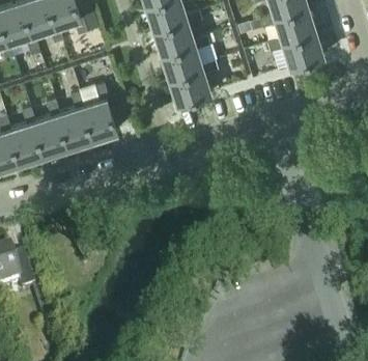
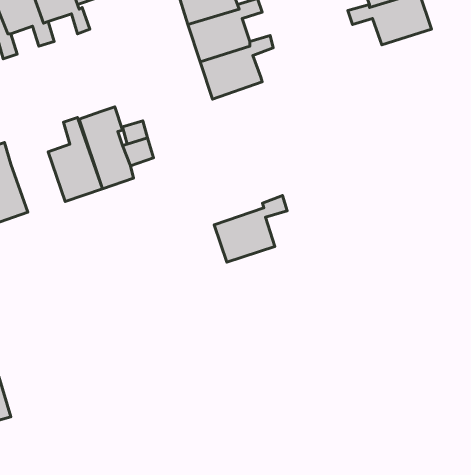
building: [268,33,324,68] -> none
building: [170,60,219,105] -> [214,195,287,262]
building: [35,102,72,156] -> none

